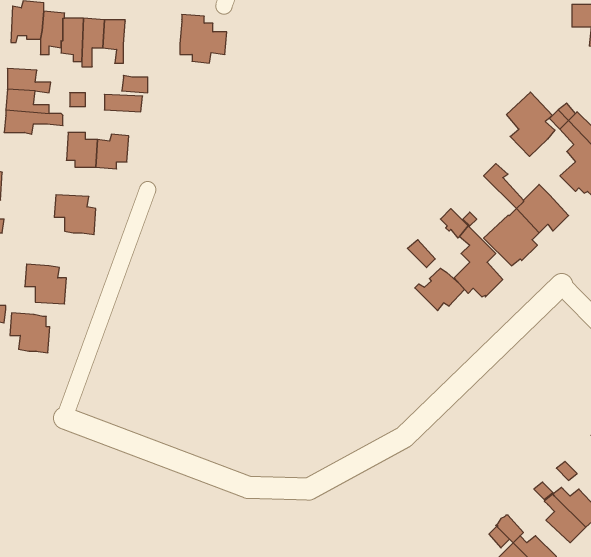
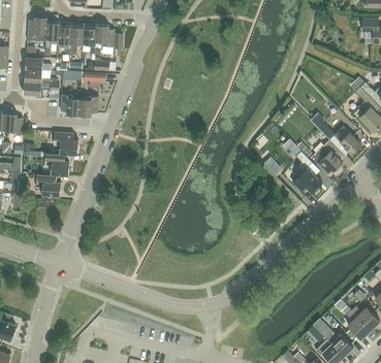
building: [180,15,227,63] -> [94,25,122,54]
building: [507,92,555,156] -> none
building: [415,268,465,311] -> none
building: [10,313,50,353] -> [44,153,68,176]

